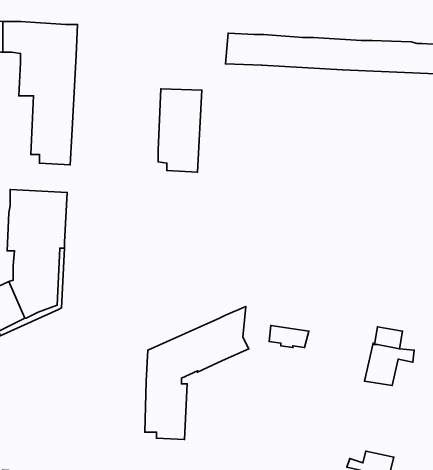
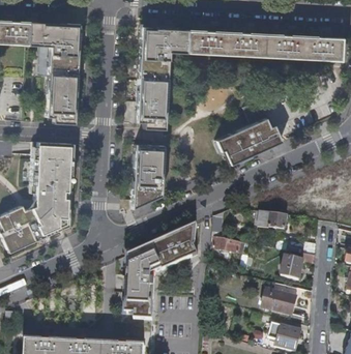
building: none -> [137,27,184,70]
building: none -> [213,115,280,165]
building: none -> [130,143,162,207]
building: none -> [258,211,287,229]
building: none -> [266,291,297,315]

